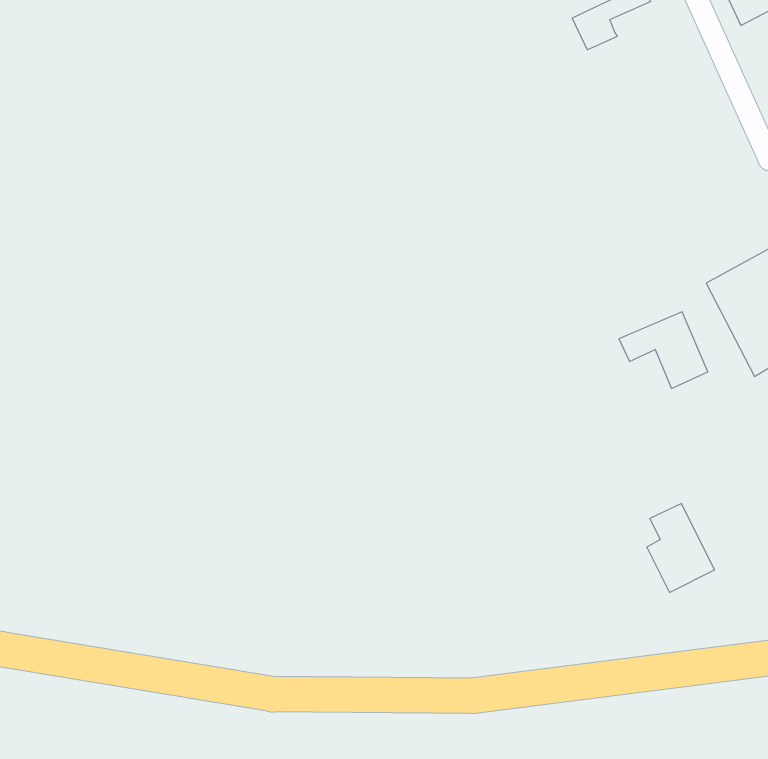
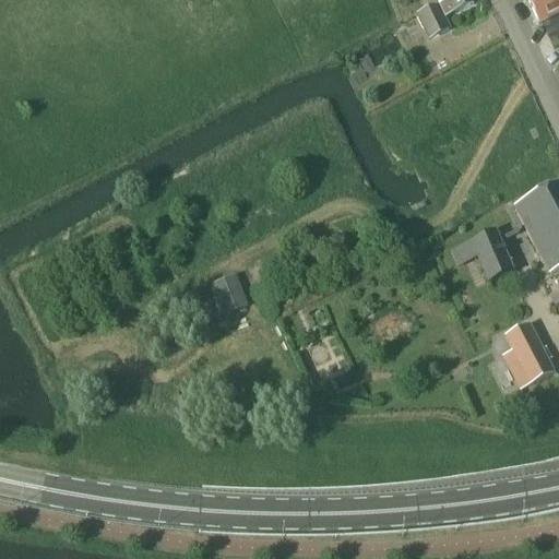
building: none -> [213,271,247,311]
building: [647,503,715,592] -> [503,322,552,386]

